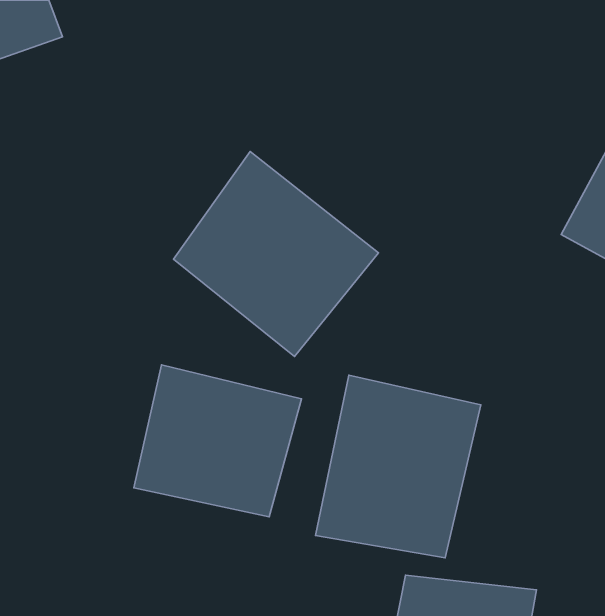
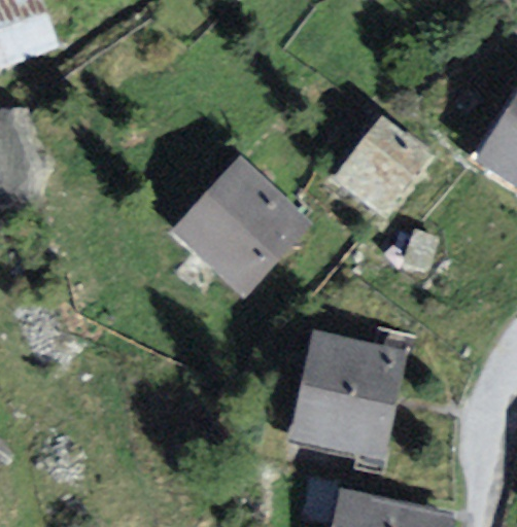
building: none -> [328,104,440,224]
building: [134,365,302,517] -> none

